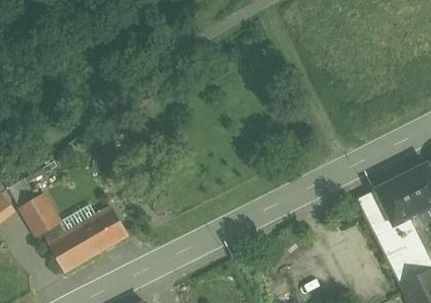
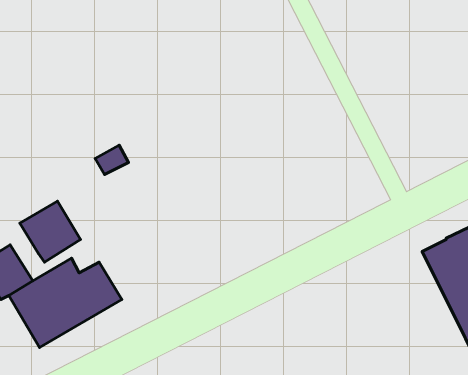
building: none -> [20,201,81,262]

